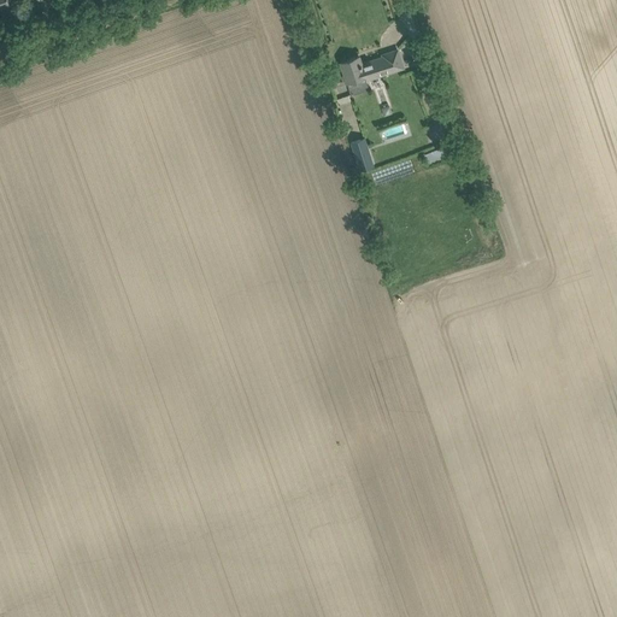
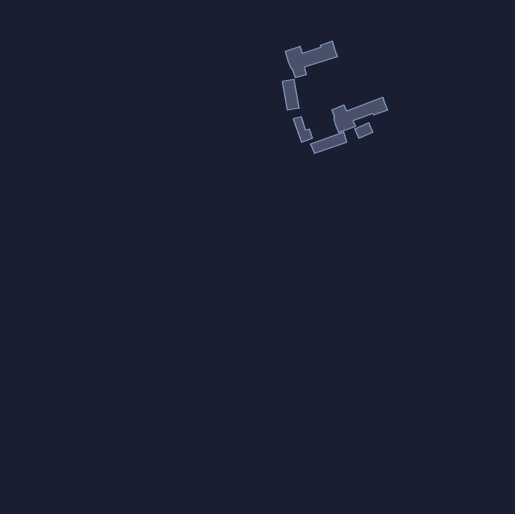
building: none -> [332,97,387,133]

